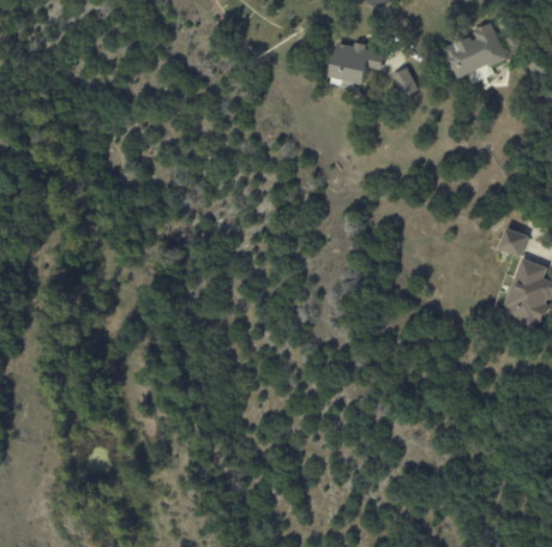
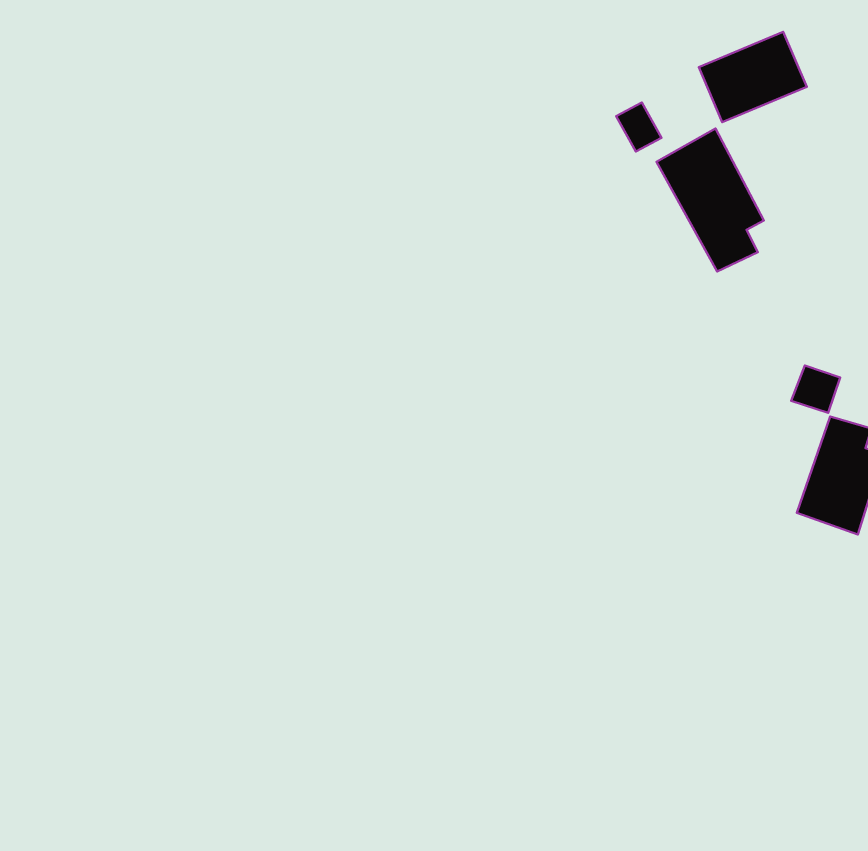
building: [329,40,383,83] -> none
building: none -> [656,129,764,271]

